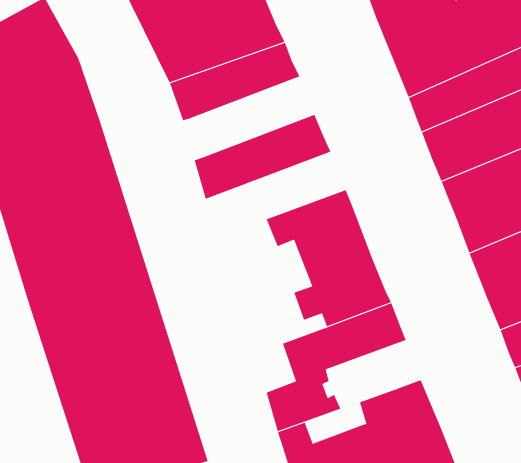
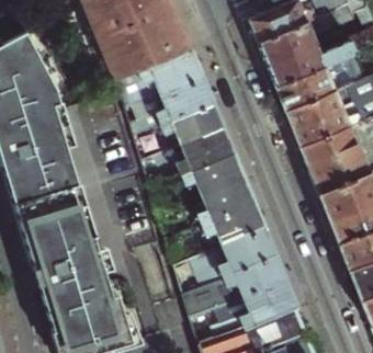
building: none -> [129,76,214,129]
building: none -> [172,126,235,171]
building: none -> [219,252,285,298]

